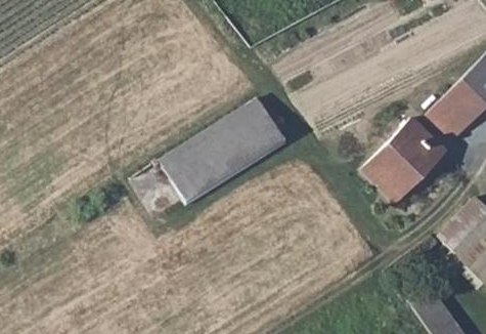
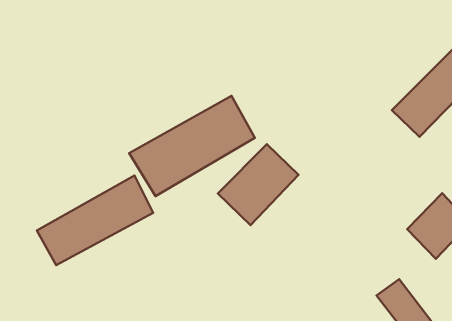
building: [362,120,443,201] -> [218,144,299,225]
building: none -> [37,175,153,265]

